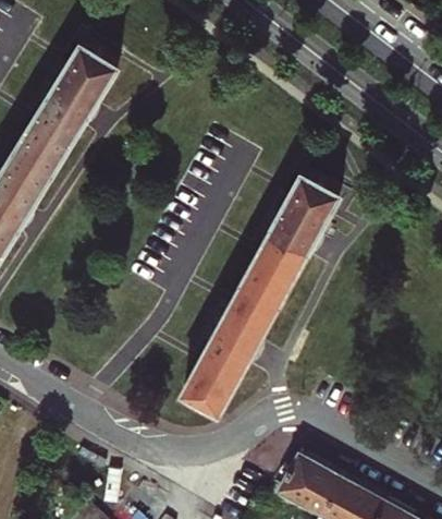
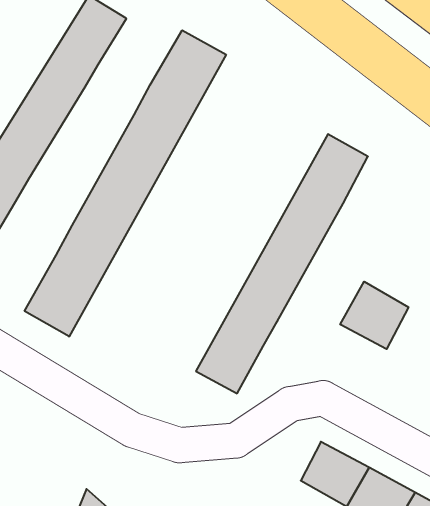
building: none -> [25,30,226,337]
building: none -> [340,282,408,349]

